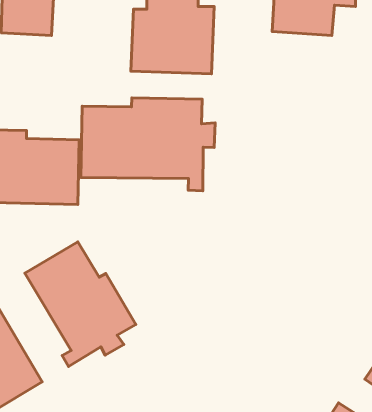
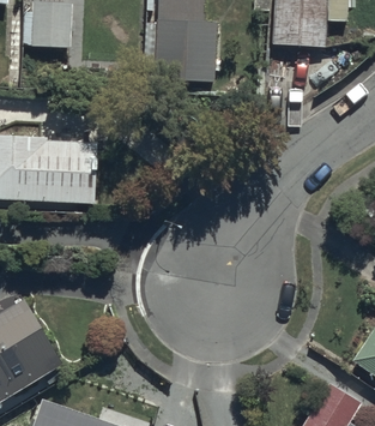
building: [81,98,215,191] -> none
building: [25,242,136,367] -> none

